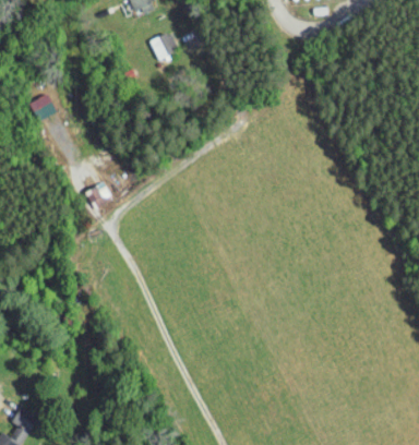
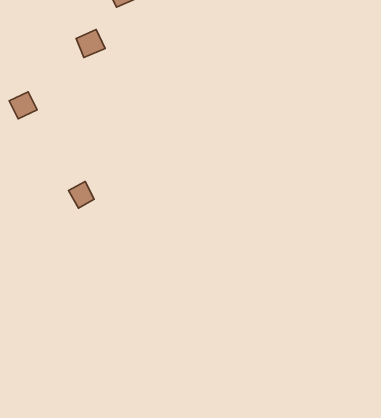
building: [151,33,179,60] -> [76,30,105,58]

